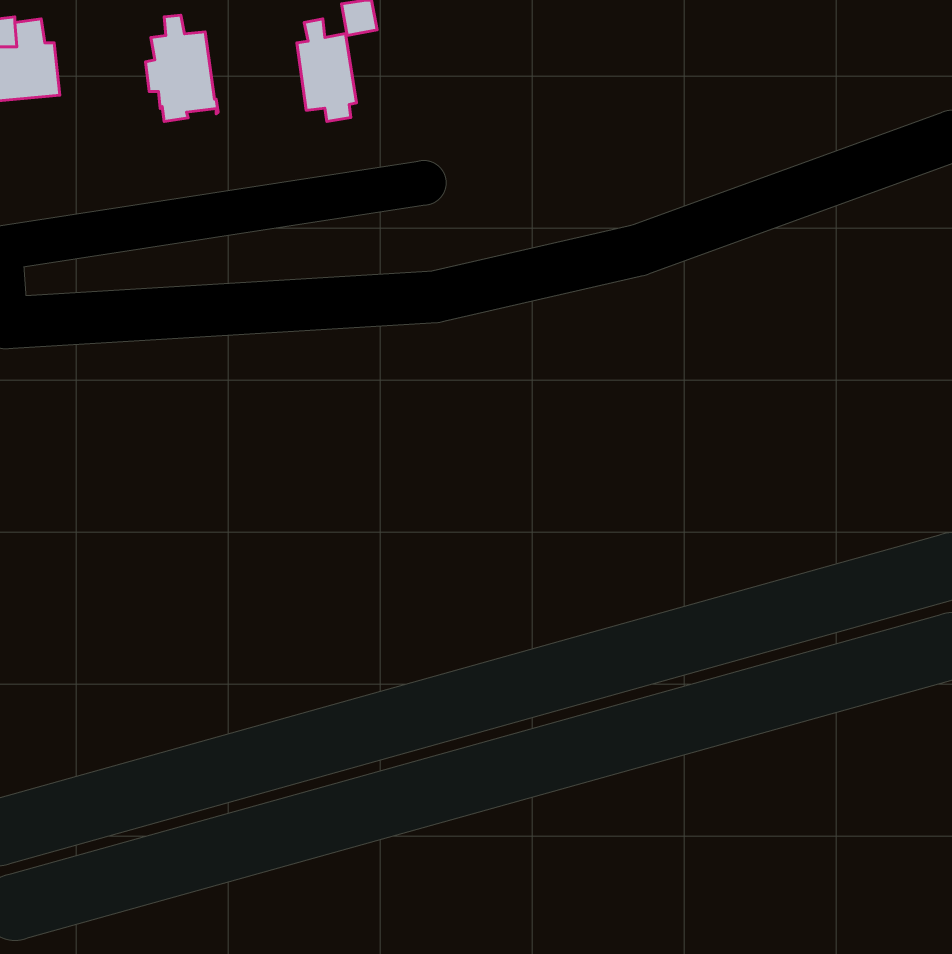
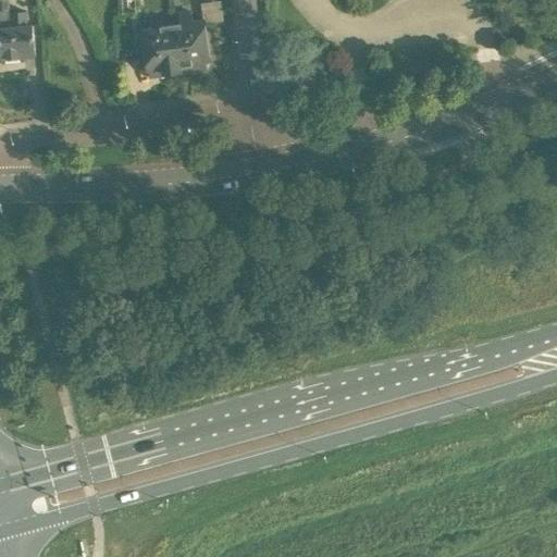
building: [145,15,218,121] -> [138,15,181,77]

